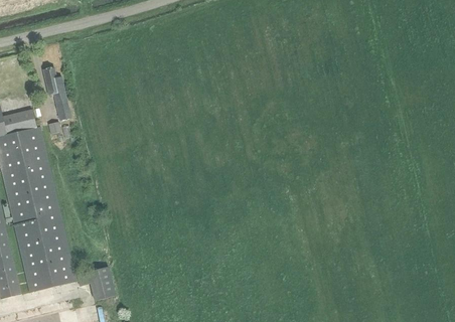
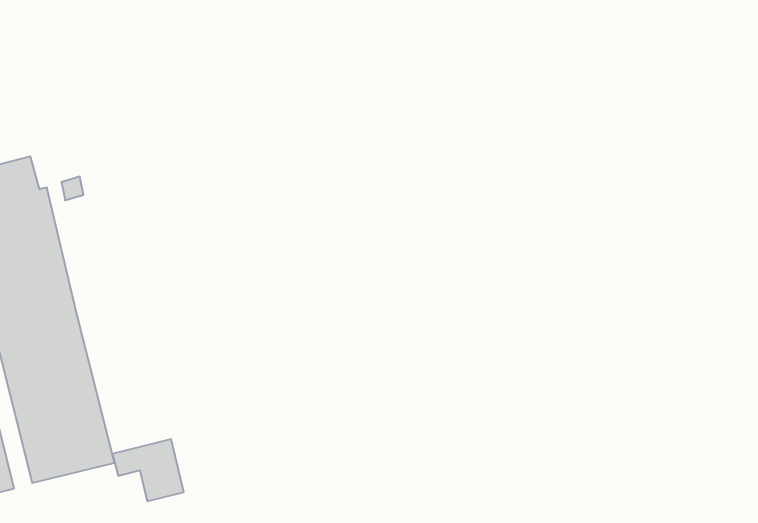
building: [41,68,70,121] -> none

